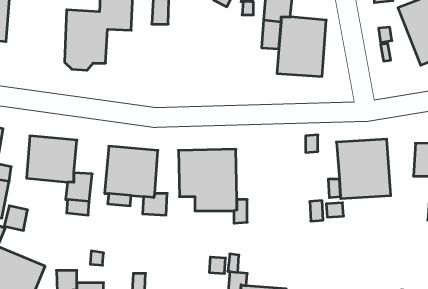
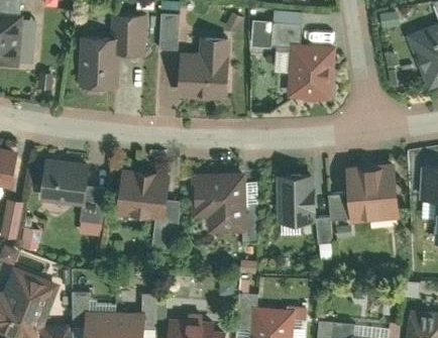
building: none -> [179,34,229,102]
building: none -> [277,174,314,224]

